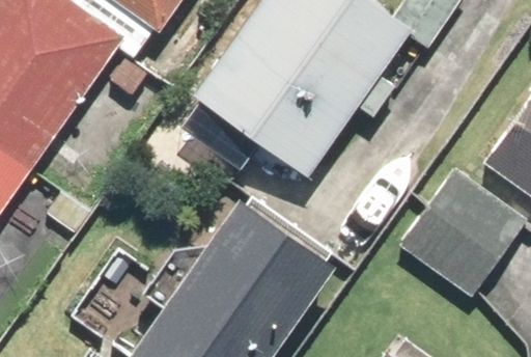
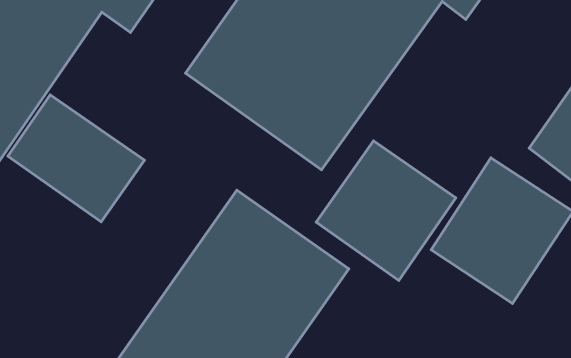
building: none -> [8,95,144,222]
building: none -> [316,141,456,280]

